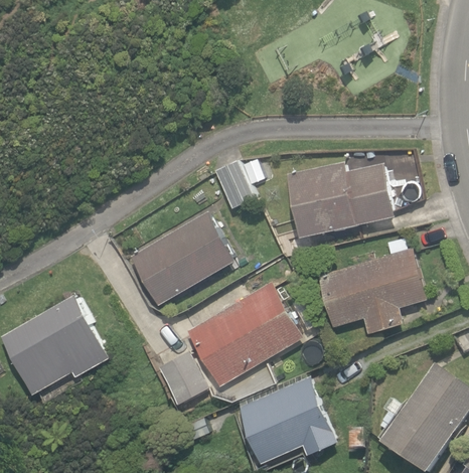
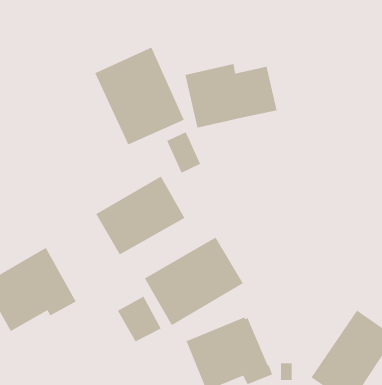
building: none -> [94,47,185,146]
building: [286,162,394,238] -> [185,63,278,128]
building: [317,242,425,335] -> none

